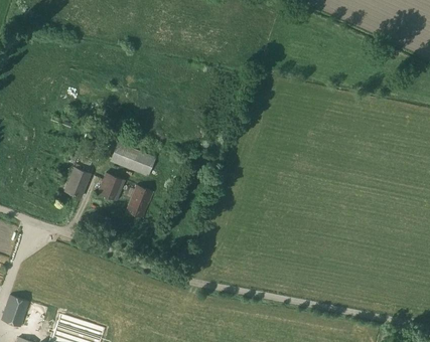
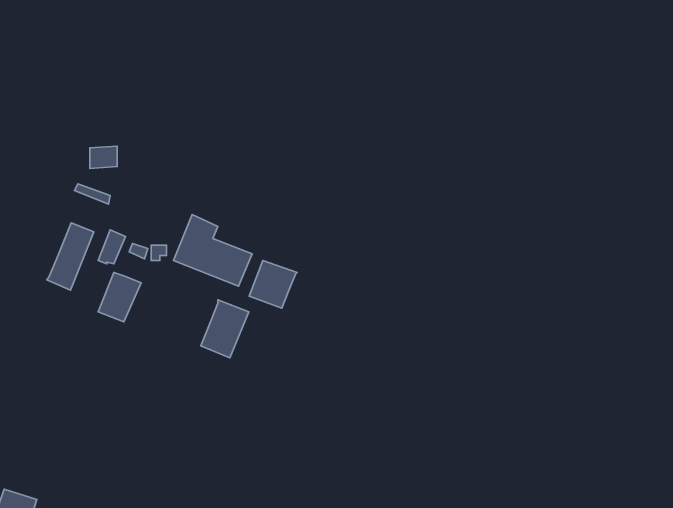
building: none -> [47,223,94,290]
building: [97,173,125,201] -> [249,260,297,308]

